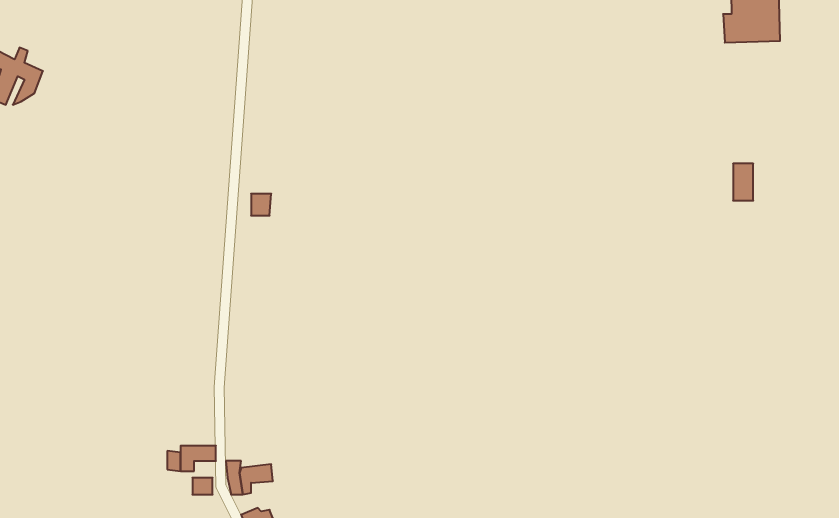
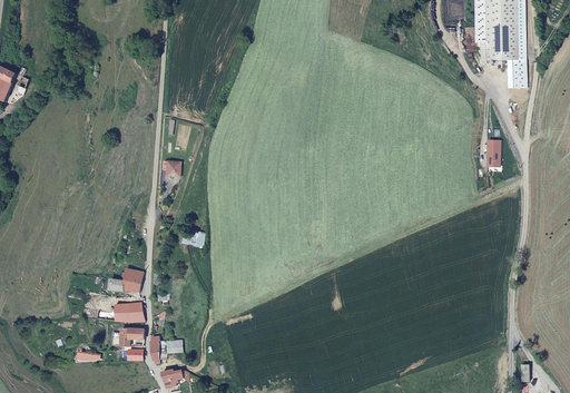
building: none -> [109,268,142,291]
building: none -> [114,295,144,322]

